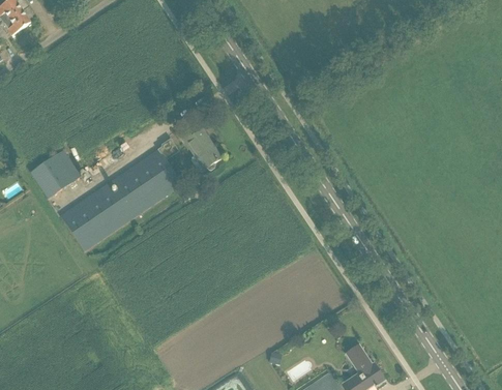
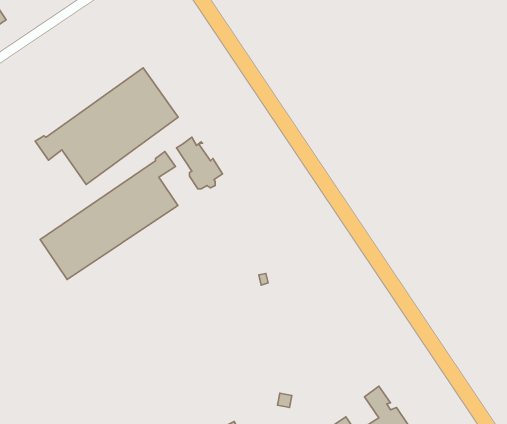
building: none -> [35,68,178,185]
building: [29,150,80,200] -> none

